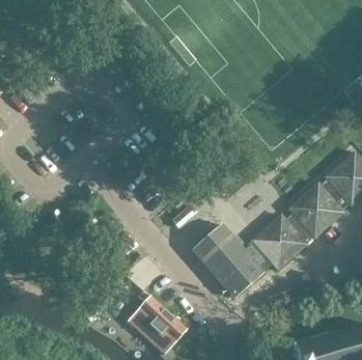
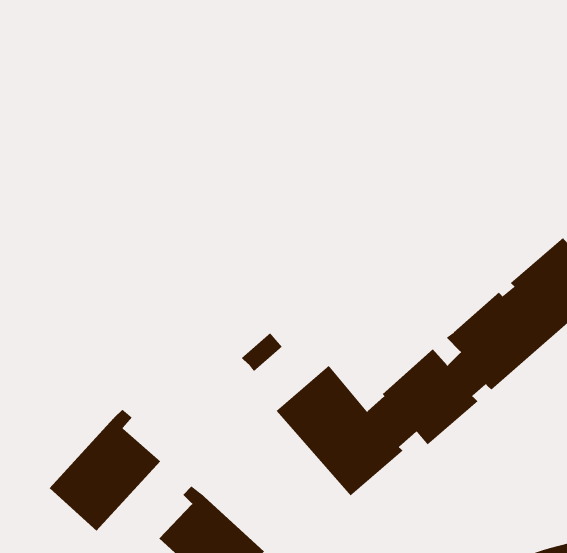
building: none -> [49,409,161,532]

